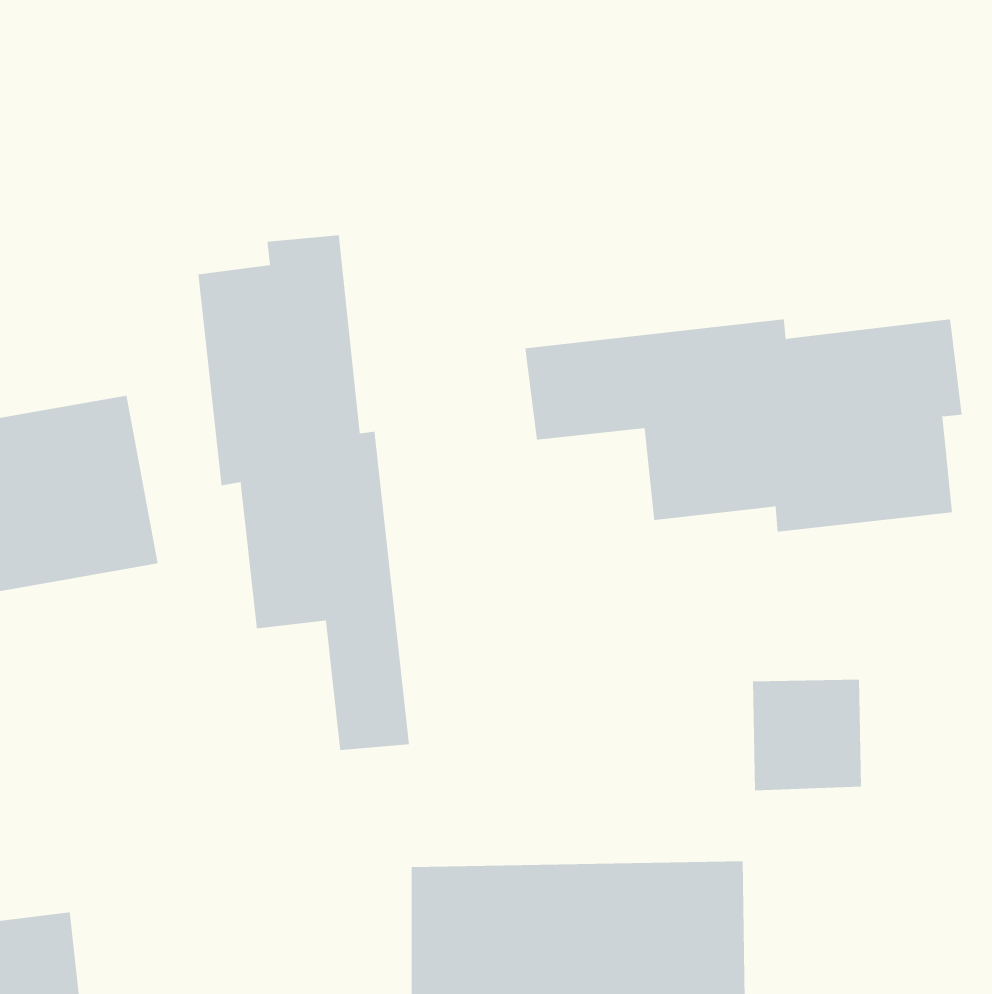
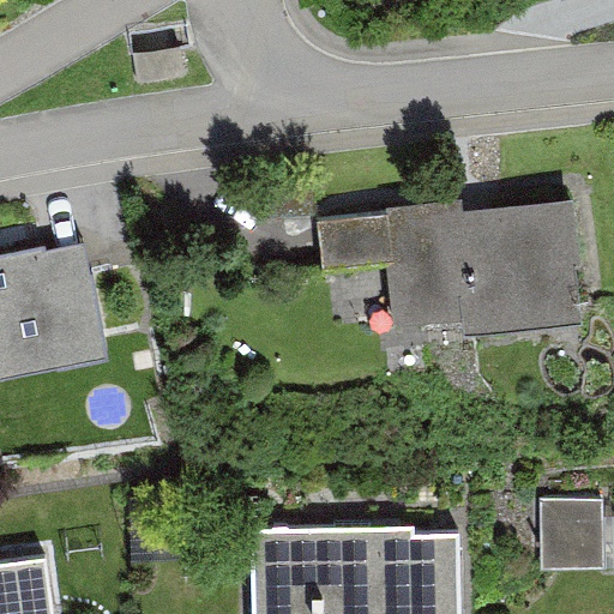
building: [198,234,409,751] -> none
building: [752,679,862,791] -> [536,504,603,572]

